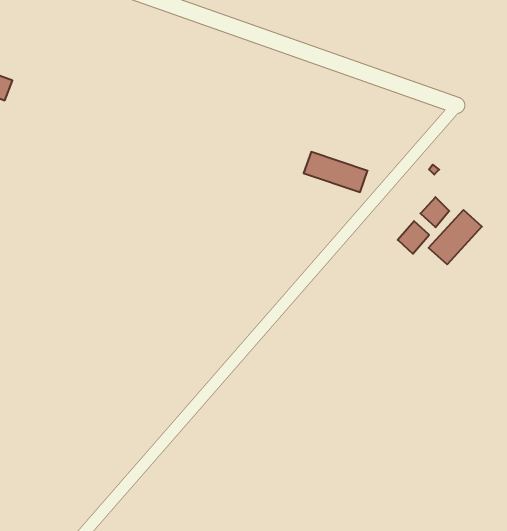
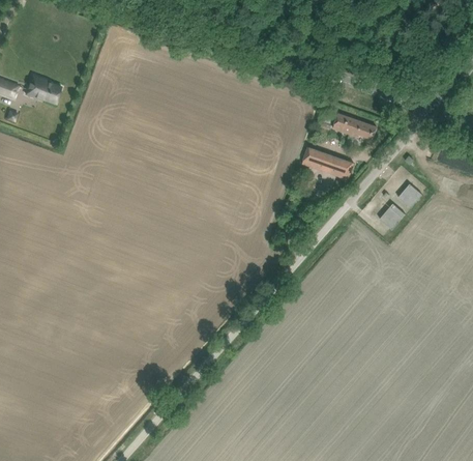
building: none -> [332,114,376,139]
building: [429,210,482,264] -> none

